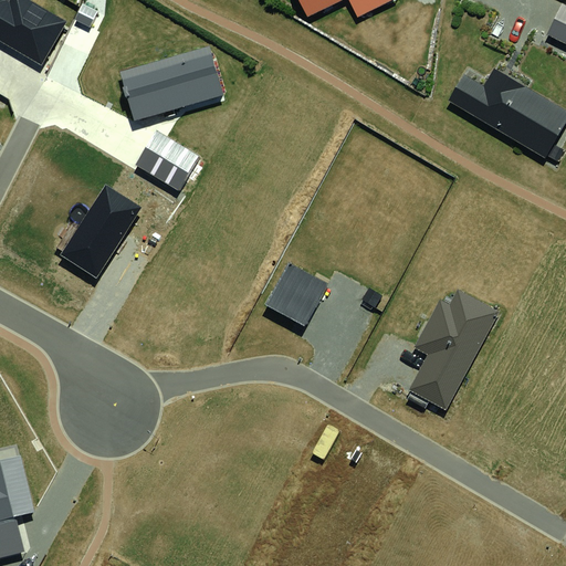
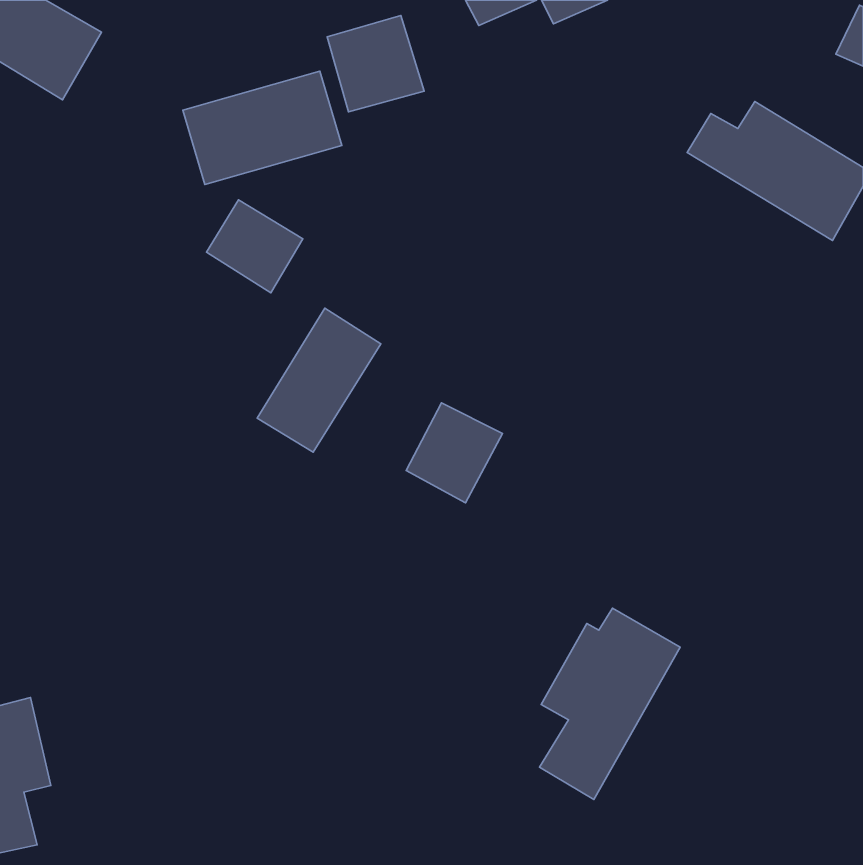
building: none -> [327,15,424,112]
building: [60,184,140,277] -> [257,308,381,452]
building: [409,289,501,413] -> [540,608,680,799]

